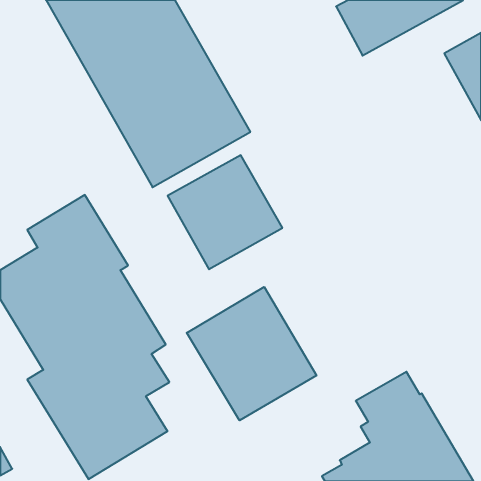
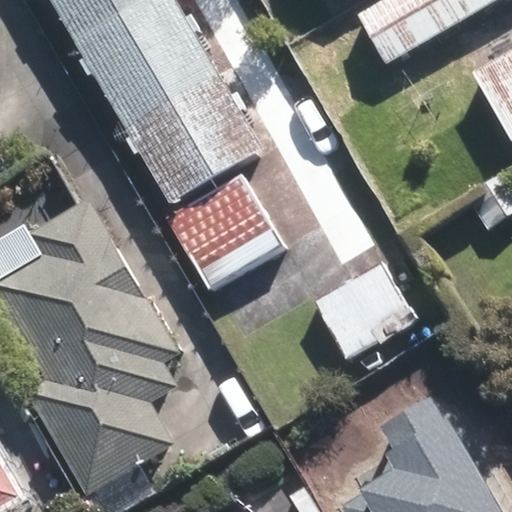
building: none -> [314,253,425,363]
building: [187,287,316,420] -> none

